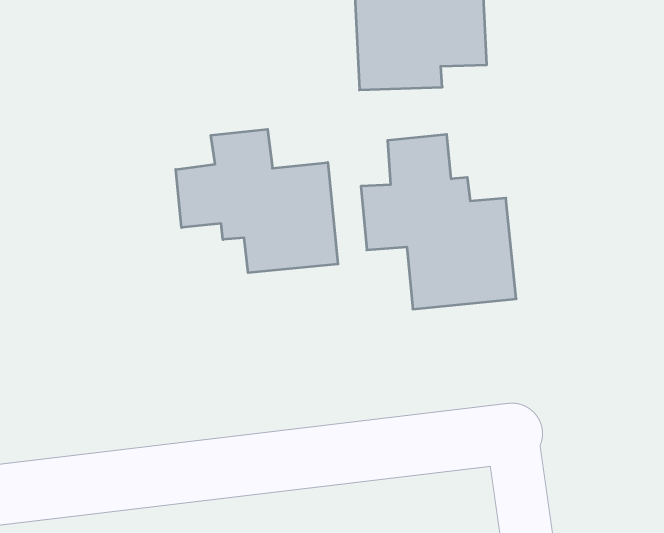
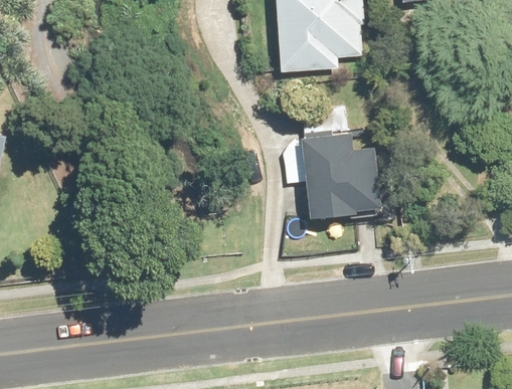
building: [176,129,338,273] -> none

